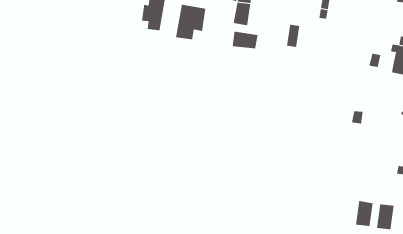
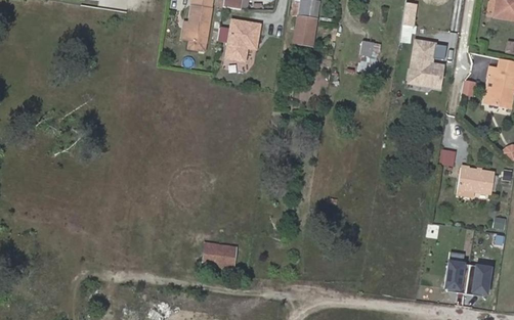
building: none -> [409,38,442,85]
building: [232,31,258,49] -> none
building: none -> [457,166,495,196]
building: none -> [203,243,237,268]

